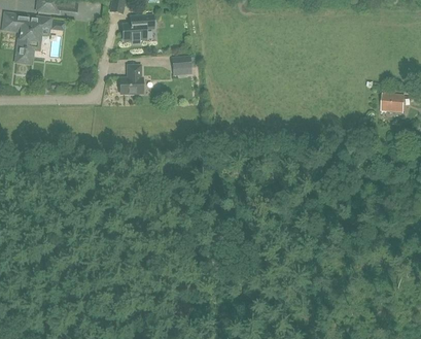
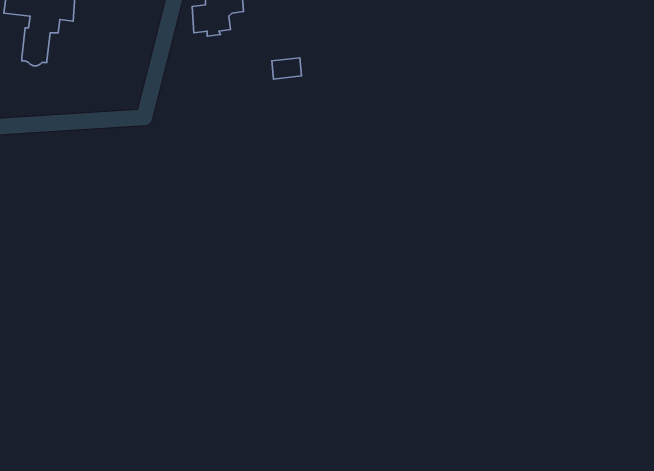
building: [119,64,143,93] -> none
building: [382,92,406,111] -> none

